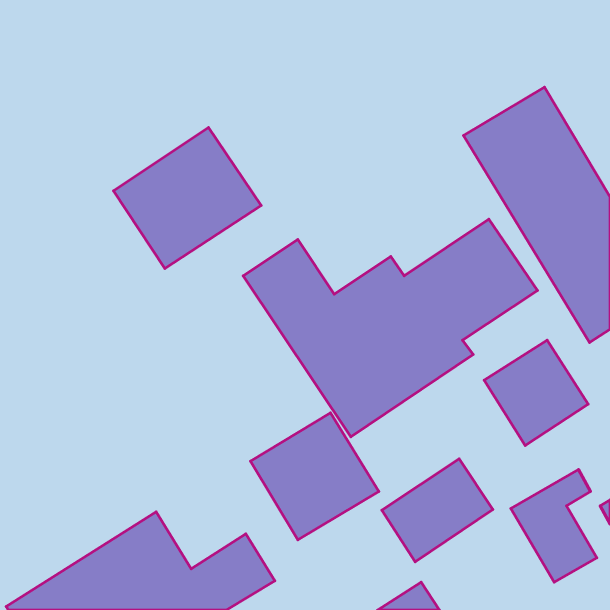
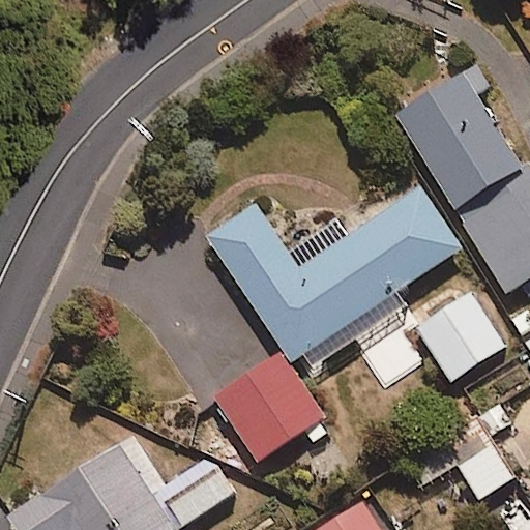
building: [114,127,261,268] -> none
building: [382,459,493,562] -> none

